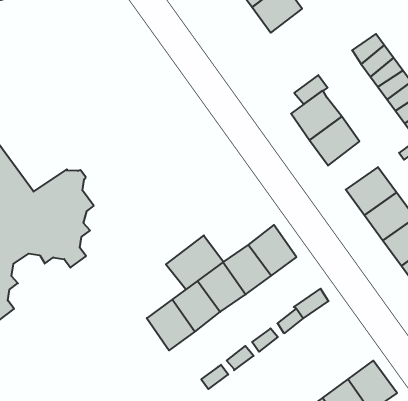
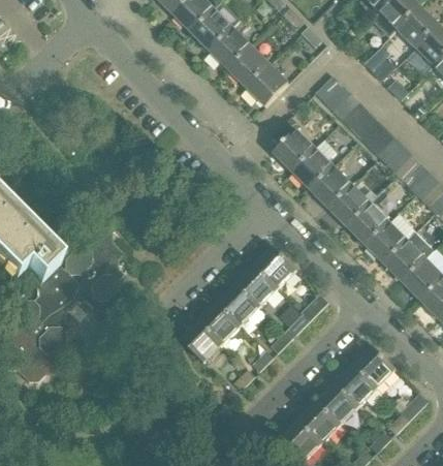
building: none -> [247,64,289,106]
building: none -> [311,166,352,208]
building: [166,235,223,290] -> none

